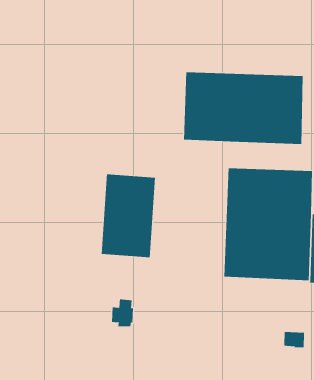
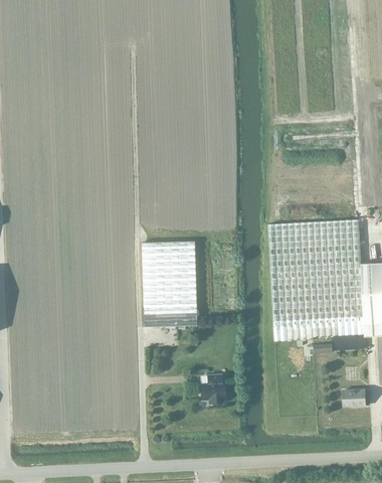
building: [183,72,303,145] -> none
building: [111,299,134,327] -> [200,375,224,405]

